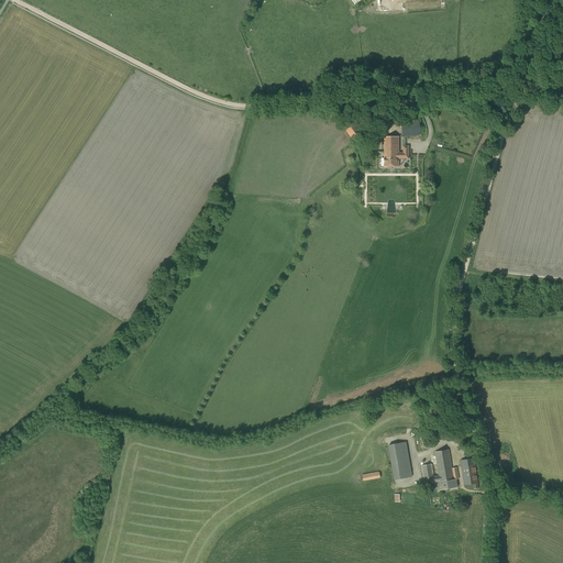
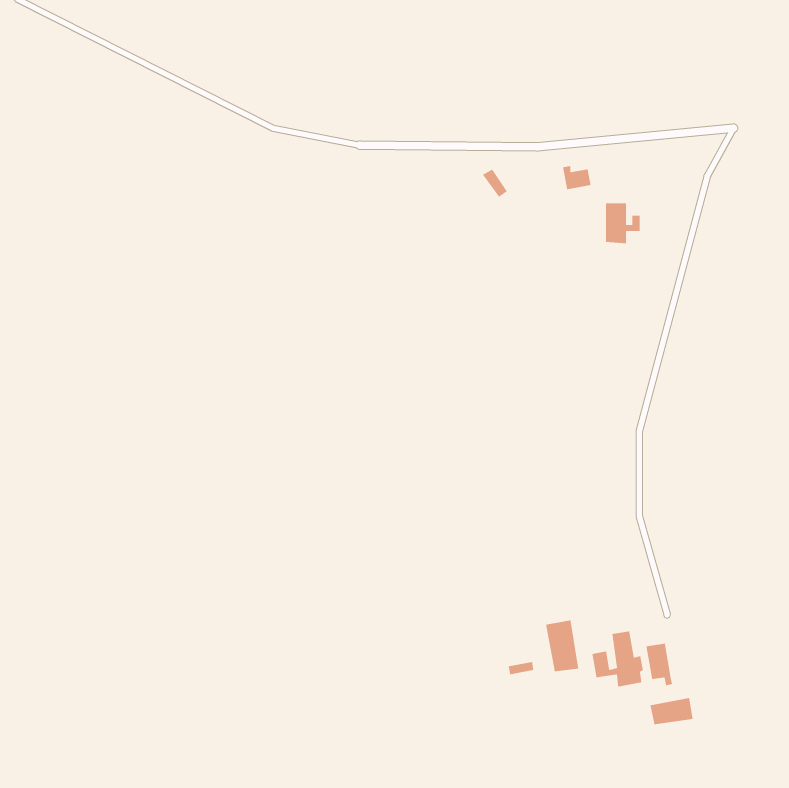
building: [384,136,409,166] -> [605,202,641,244]
building: none -> [650,697,694,725]

